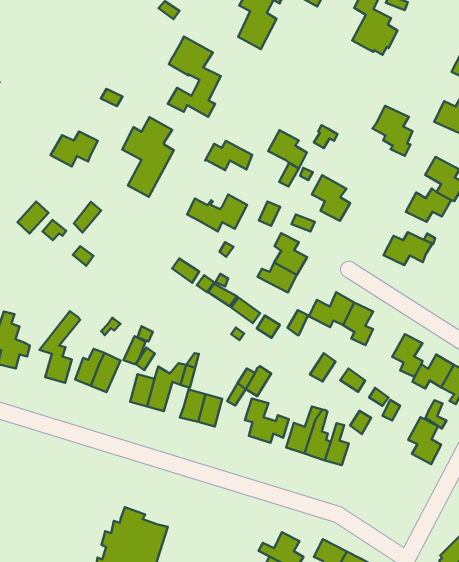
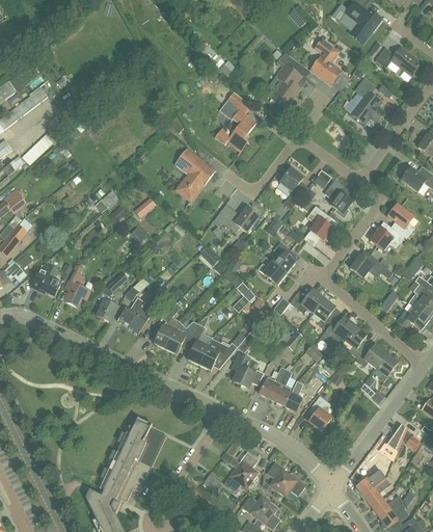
building: [373,106,413,156] -> [323,180,351,217]
building: [51,132,98,167] -> none
building: [205,141,252,170] -> none
building: none -> [323,317,355,341]
building: [408,417,441,464] -> [307,396,330,430]

